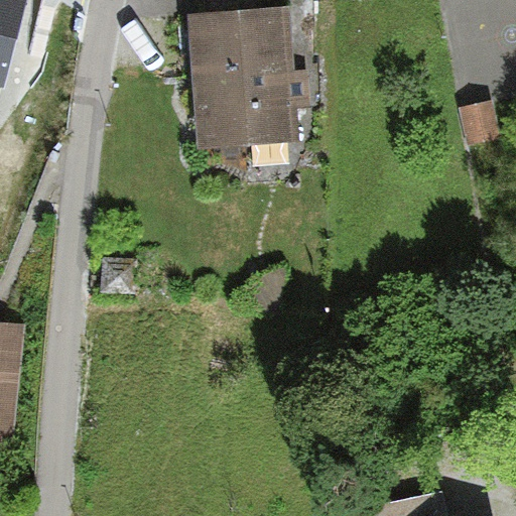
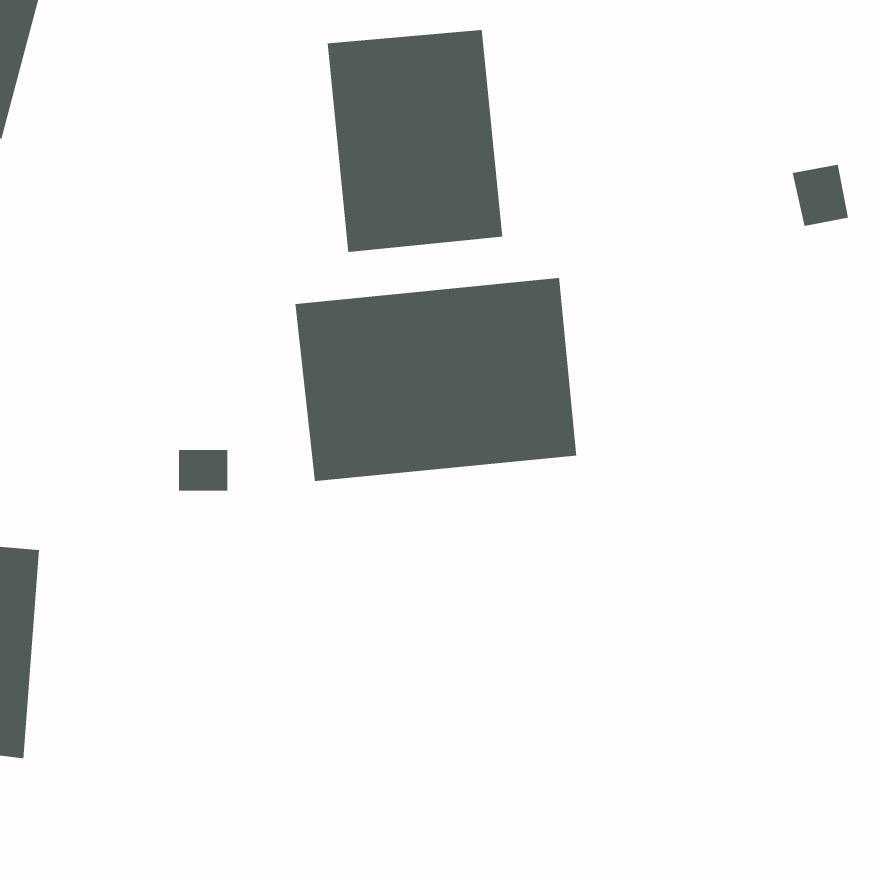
building: none -> [295,277,577,482]

